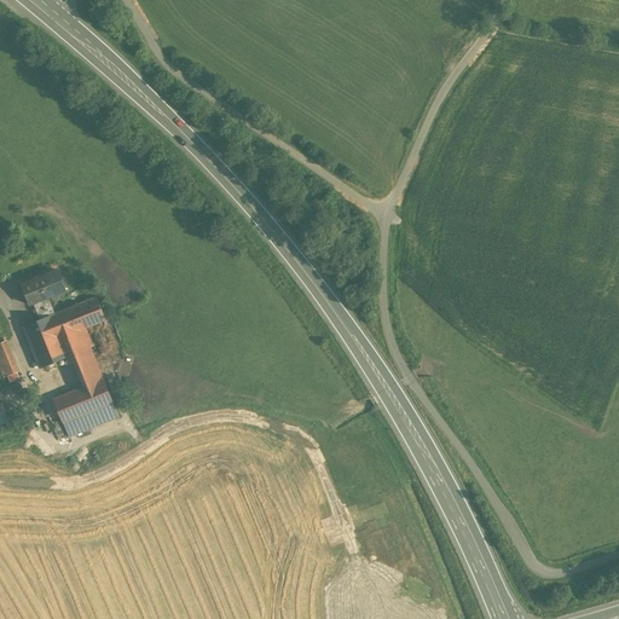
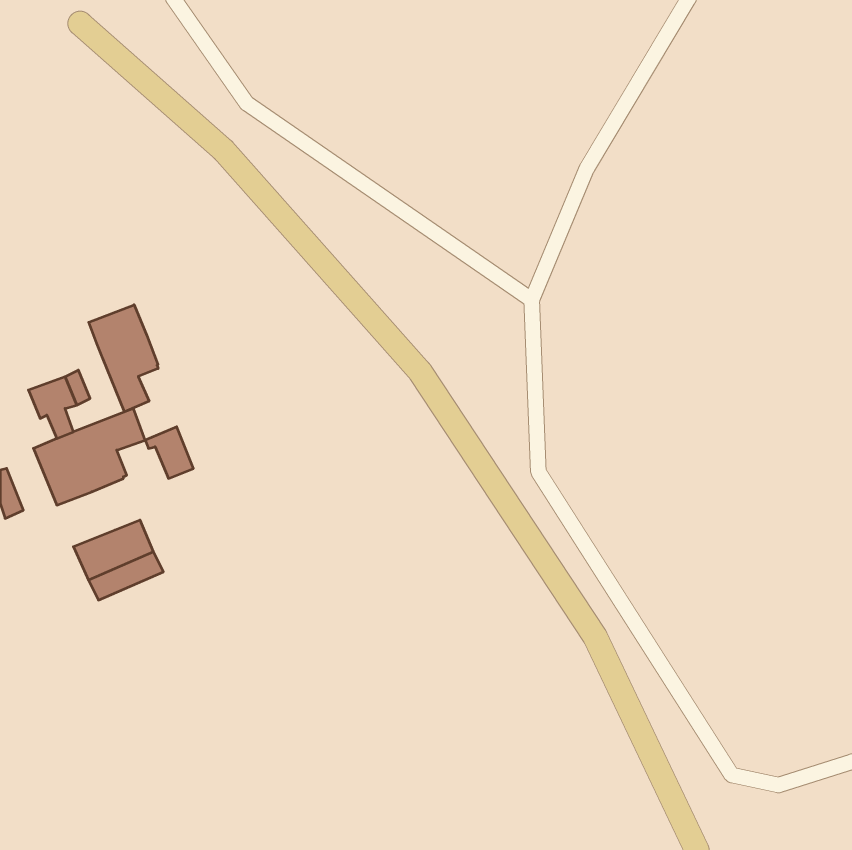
building: none -> [89,305,158,412]
building: [66,347,102,384] -> [145,427,193,478]

